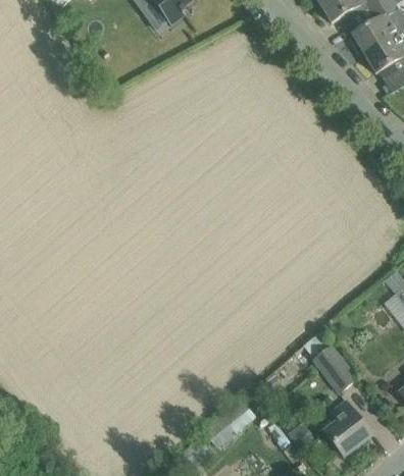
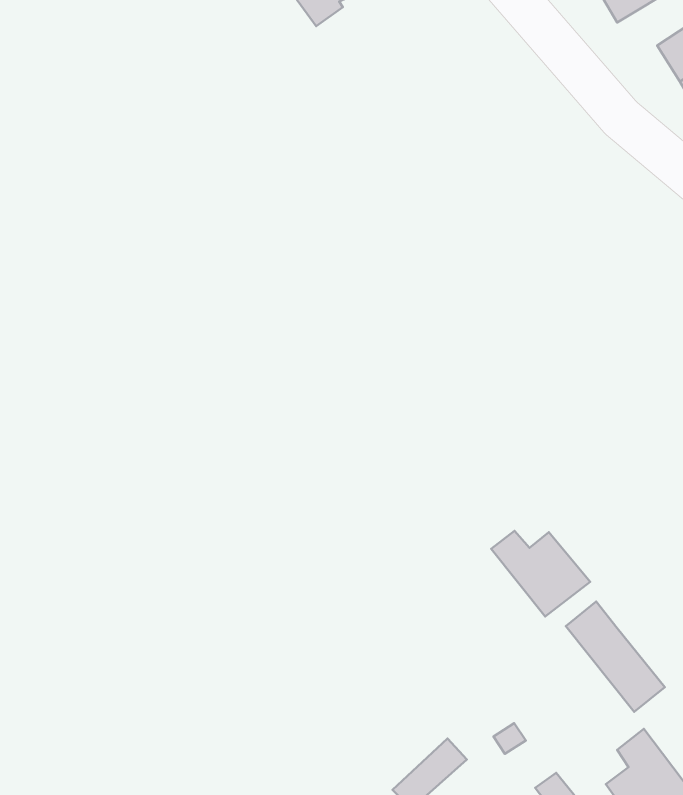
building: none -> [491,531,590,617]

